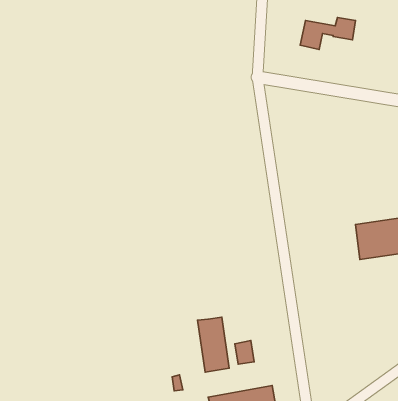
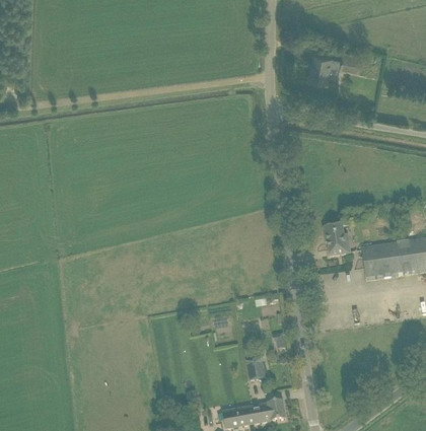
building: none -> [326,222,352,255]
building: [197,317,229,372] -> none

